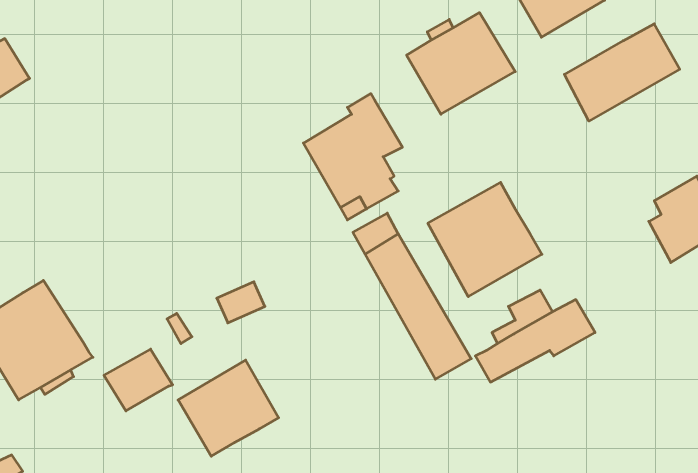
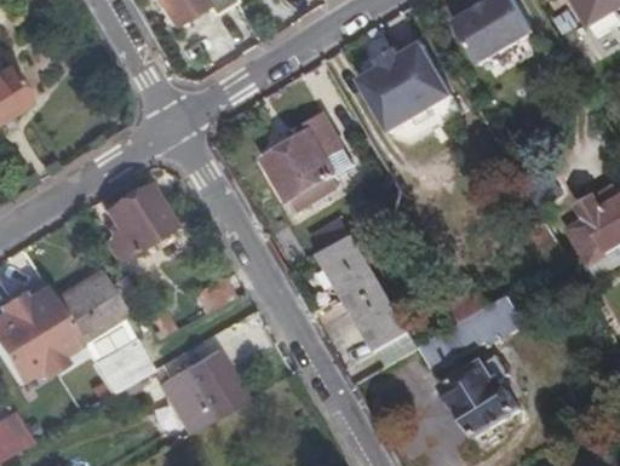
building: [564,24,680,121] -> none
building: none -> [104,182,173,251]
building: [428,182,542,297] -> none
building: none -> [52,270,124,340]
building: none -> [444,355,519,437]

